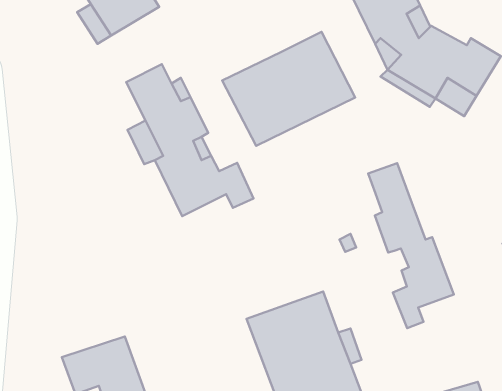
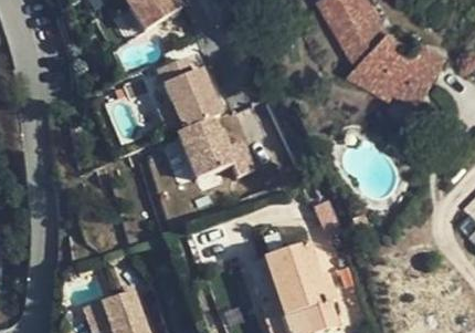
building: [222,32,355,146] -> none
building: [368,163,454,328] -> none

